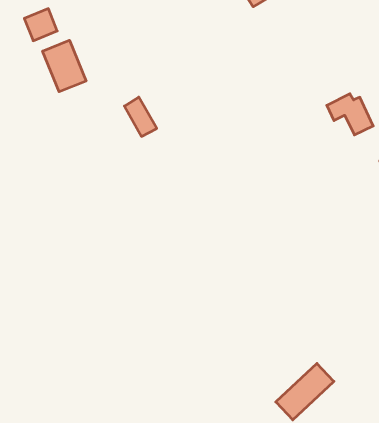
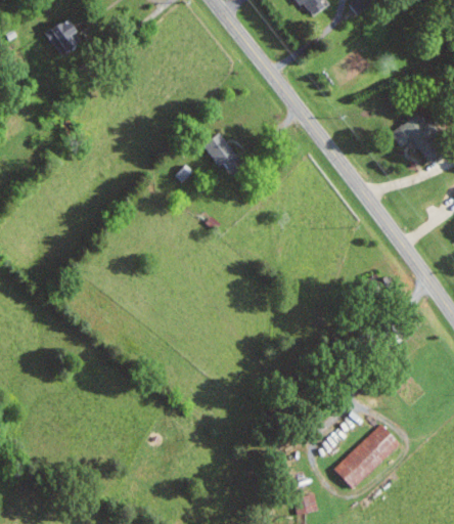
building: [43,40,86,92] -> none
building: [124,97,157,136] -> [207,132,243,177]

